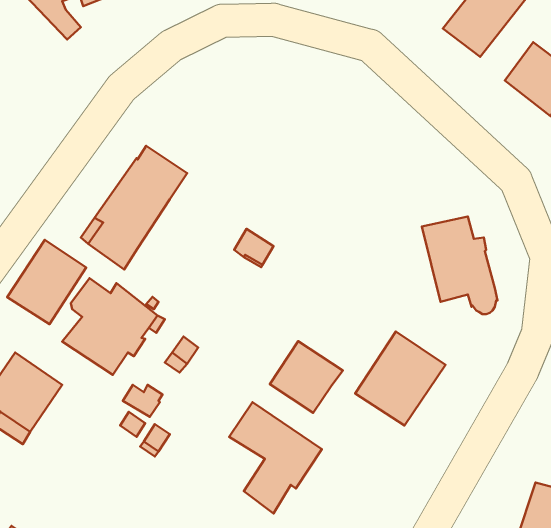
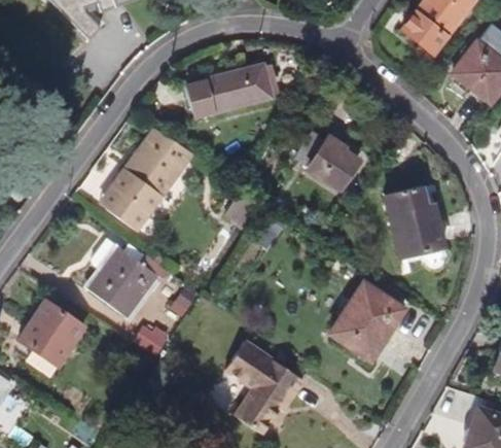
building: none -> [186,63,279,118]
building: none -> [294,127,358,185]
building: [7,240,86,324] -> none
building: [270,341,343,413] -> none

